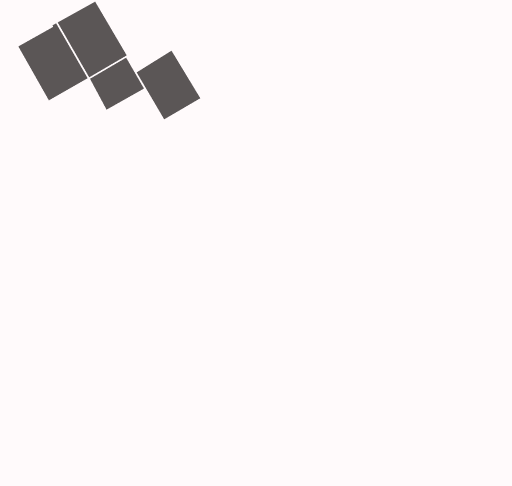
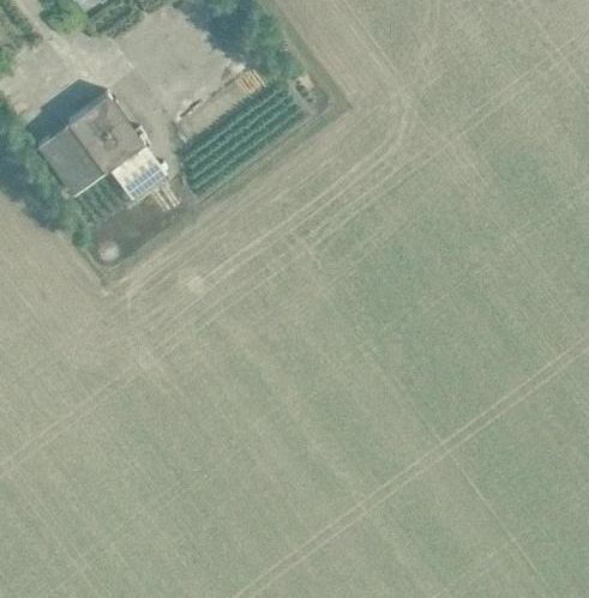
building: [135,49,202,121] -> none

